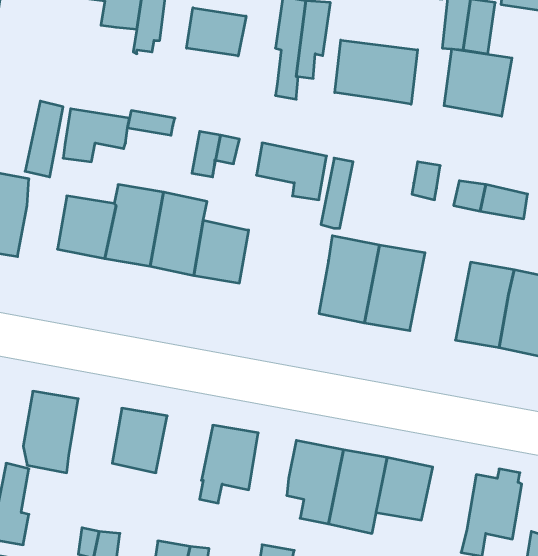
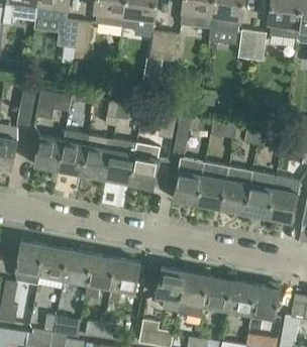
building: [187,8,246,56] -> none
building: [335,40,418,104] -> none
building: [444,49,512,116] -> none
building: none -> [129,143,161,189]
building: none -> [220,167,252,214]
building: none -> [38,245,67,279]
building: none -> [84,254,115,299]
building: none -> [226,281,255,315]

